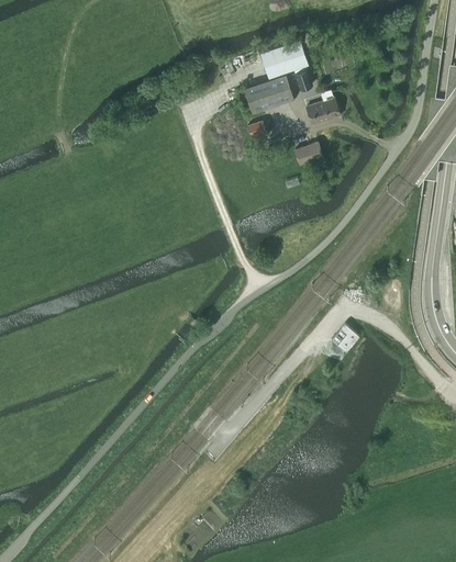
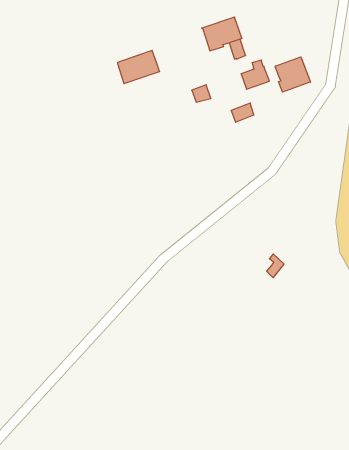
building: [244,74,294,113] -> [118,51,160,84]
building: none -> [275,57,310,92]

